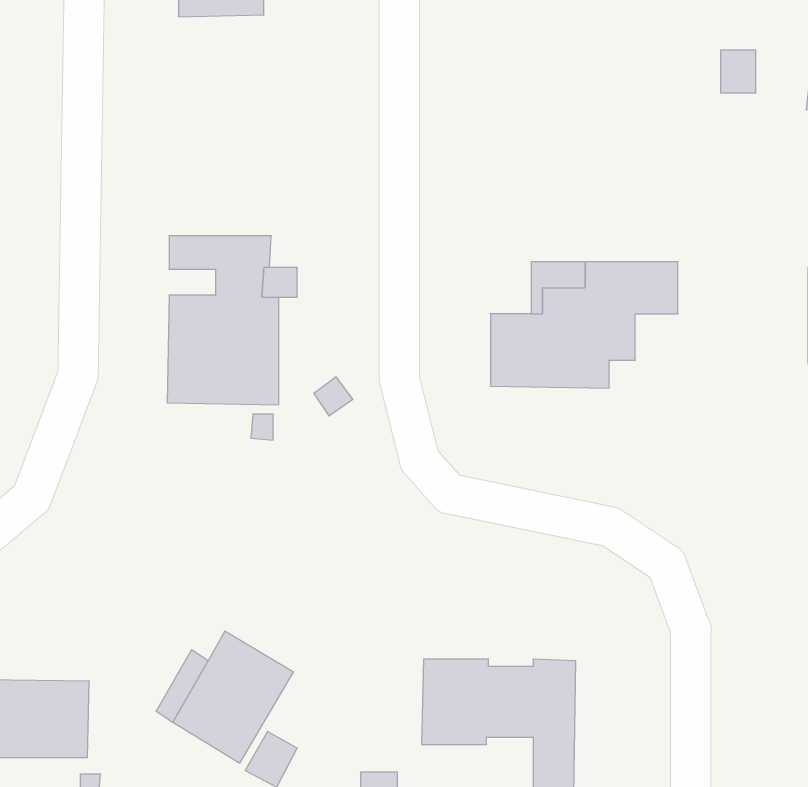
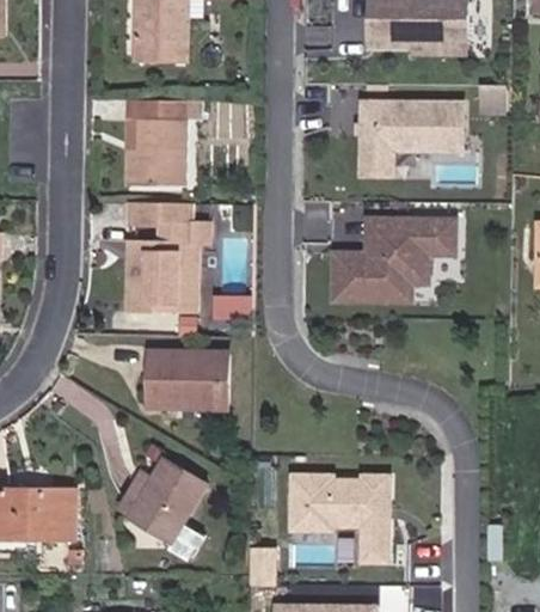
building: none -> [125,98,200,185]
building: none -> [361,102,461,173]
building: none -> [149,351,226,406]

